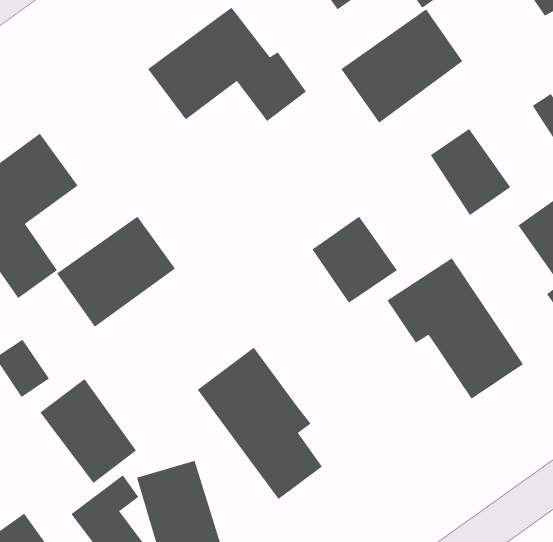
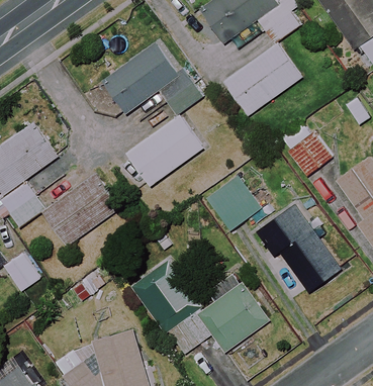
building: none -> [126,115,203,186]
building: none -> [197,271,269,352]
building: [40,378,137,484] -> none

